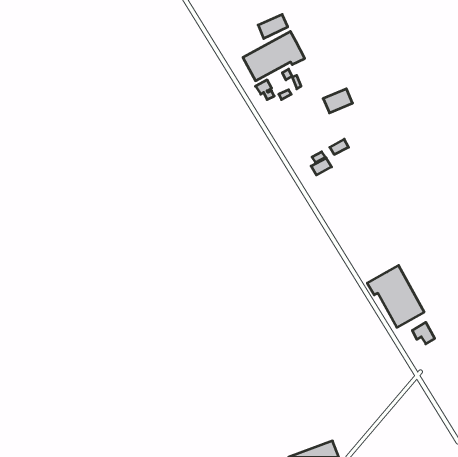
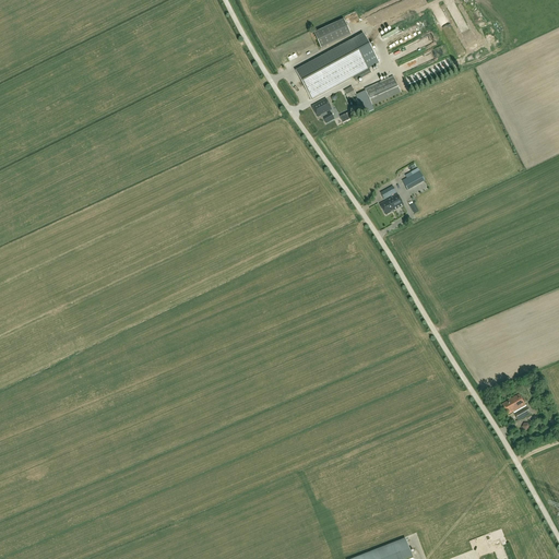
building: [323,89,353,113] -> [365,74,401,104]
building: [367,265,424,327] -> none

